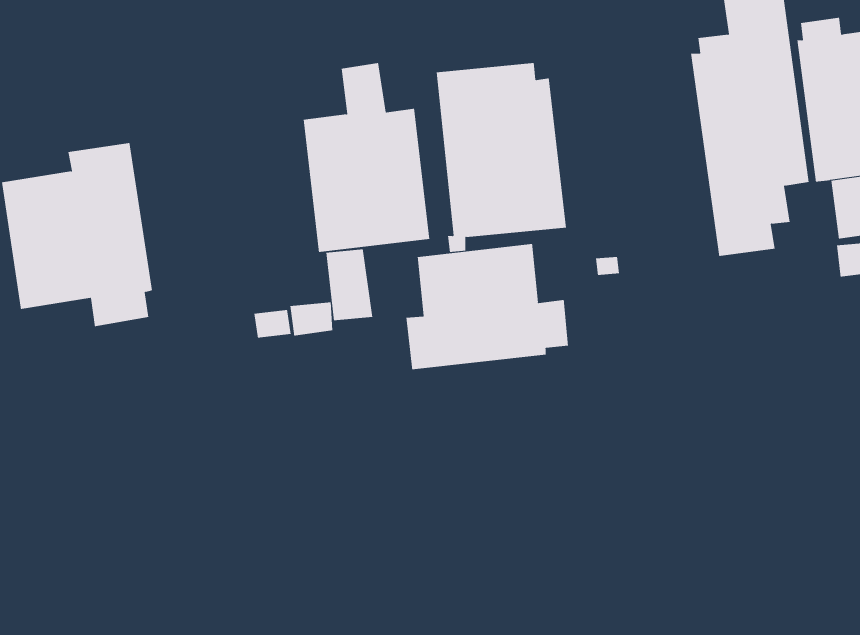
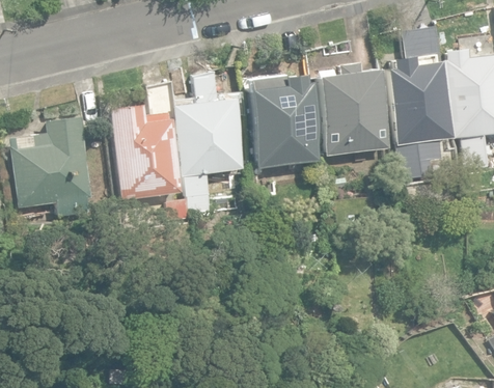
building: none -> [317,61,387,156]
building: none -> [112,84,183,200]
building: [406,243,568,370] -> none

